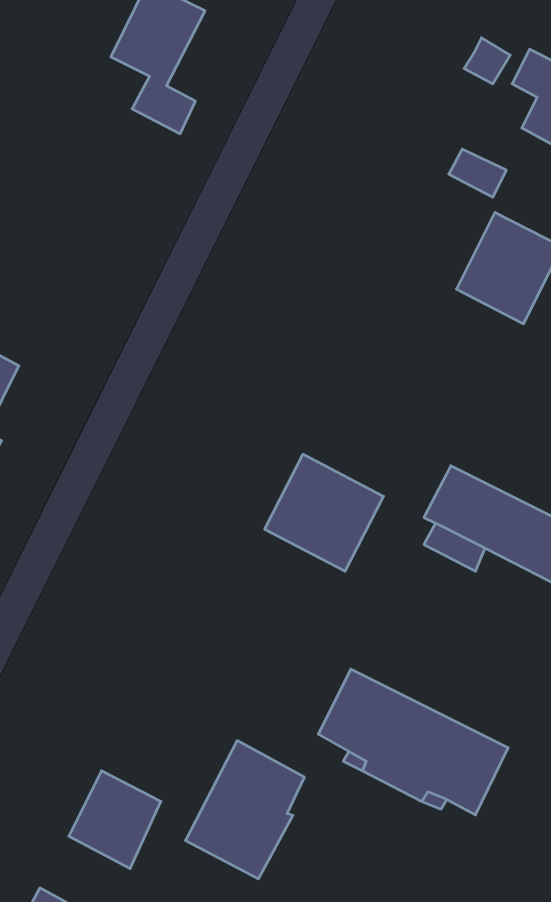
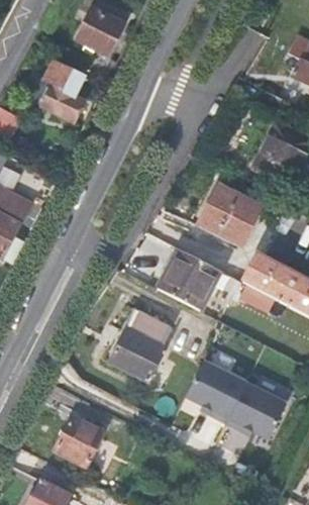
building: none -> [43,61,83,119]
building: none -> [198,181,266,245]
building: [185,741,304,879] -> [109,309,172,382]

